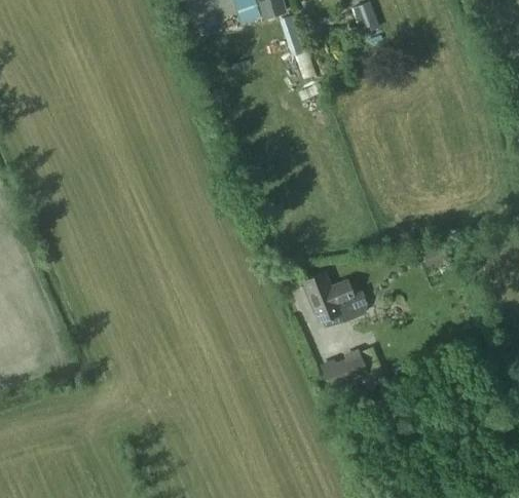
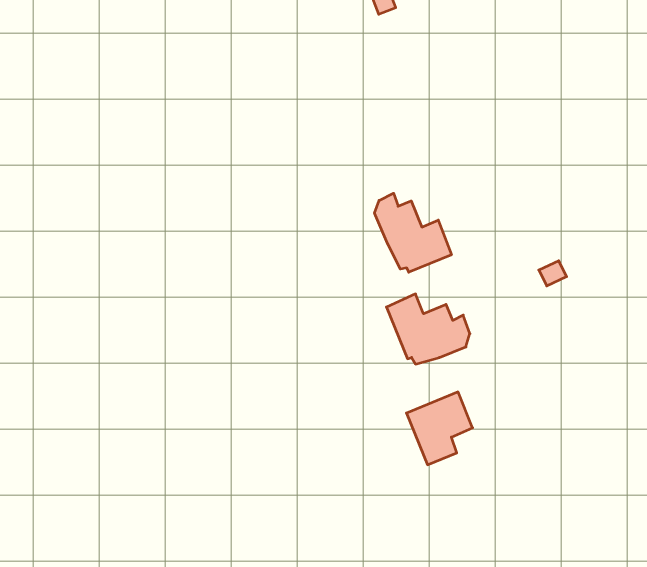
building: none -> [375,193,451,272]

